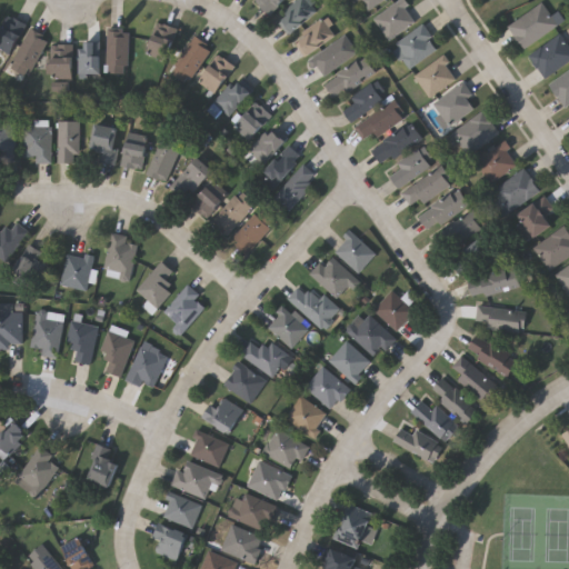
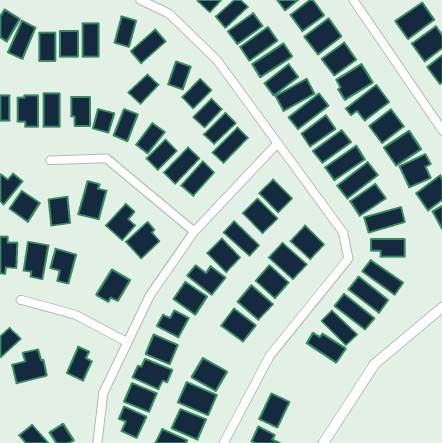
building: [197,54,236,92] -> [128,74,159,104]
building: [99,327,136,376] -> none
building: [263,428,309,470] -> none

